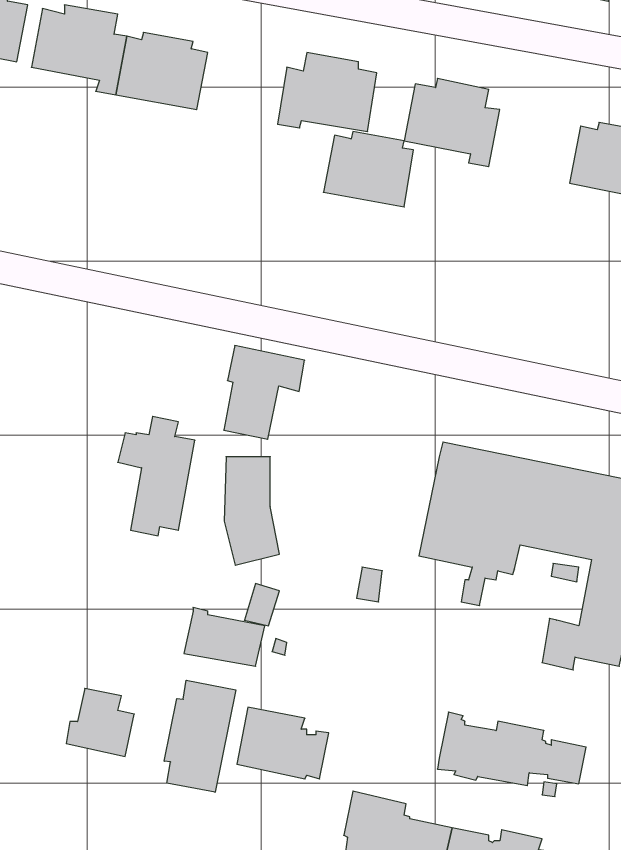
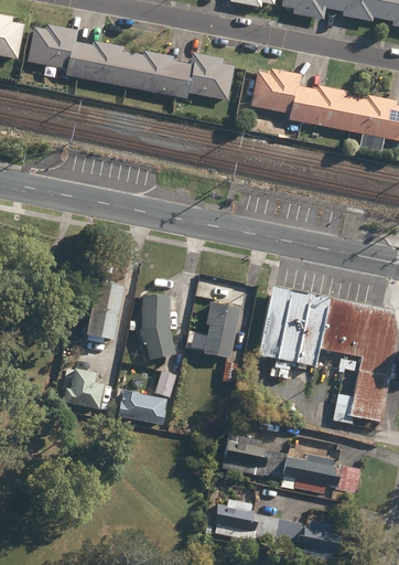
building: none -> [301,85,356,131]
building: [323,132,413,207] -> [126,51,180,96]
building: [224,346,305,439] -> [204,302,252,359]
building: [164,680,236,792] -> none
building: [66,688,134,756] -> [63,369,104,409]
building: [237,707,329,779] -> [222,434,277,477]

